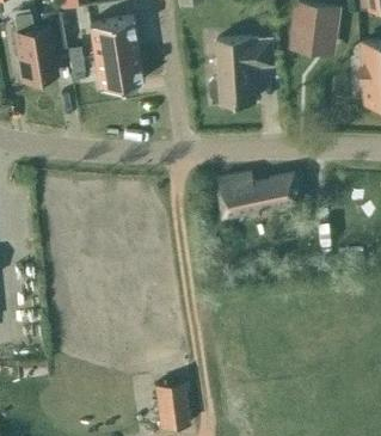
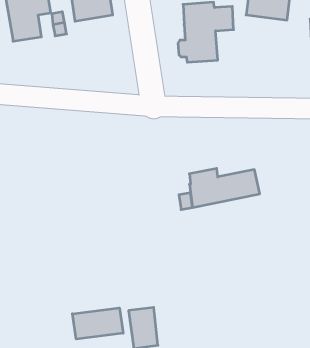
building: [93,49,142,88] -> none
building: [220,172,300,216] -> [189,168,260,207]
building: none -> [72,308,123,339]

